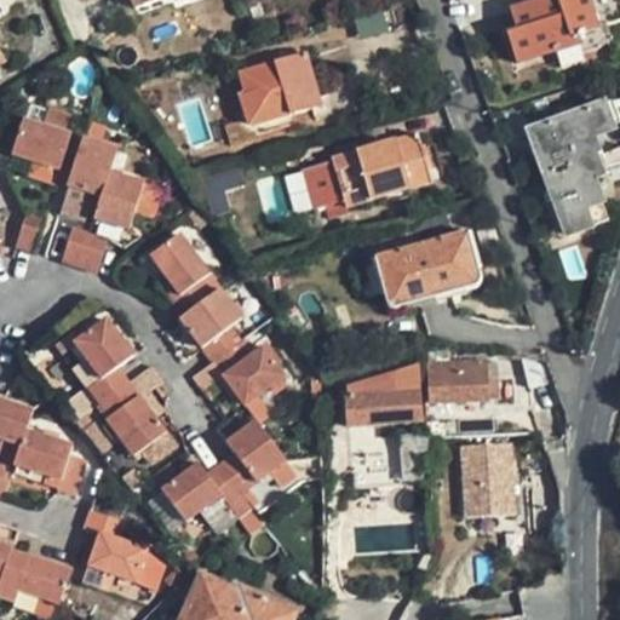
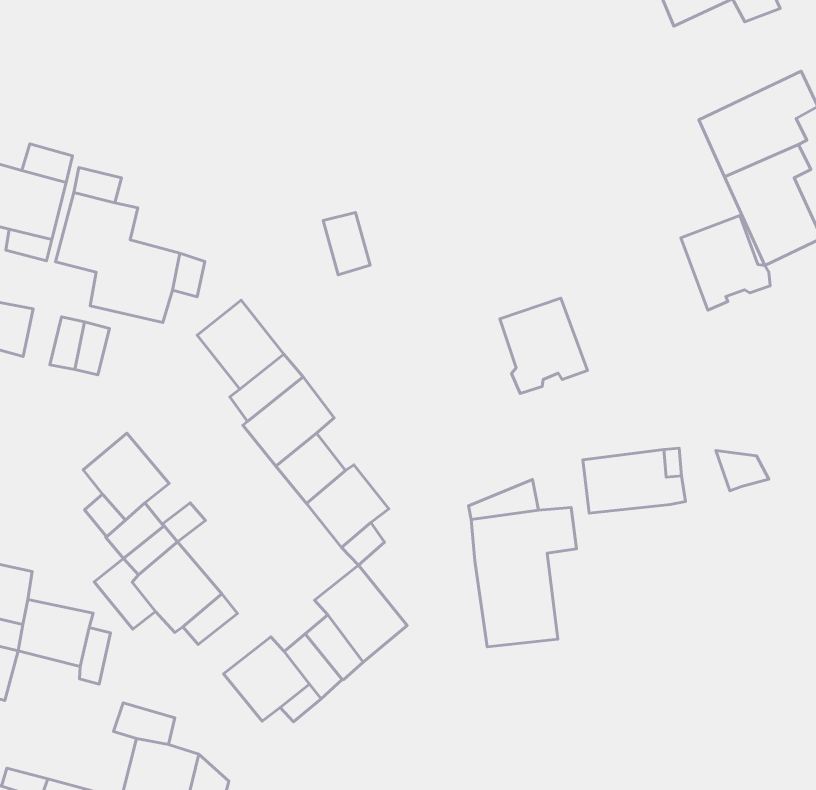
building: [234,51,317,126] -> none
building: [298,134,427,208] -> none
building: [419,234,478,298] -> [681,215,770,310]
building: [454,438,513,515] -> none

